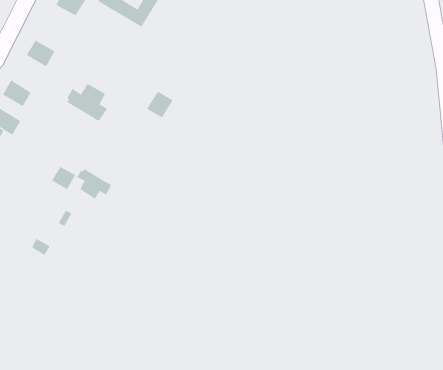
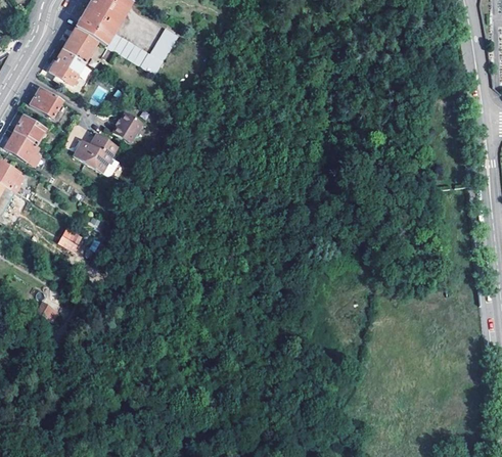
building: none -> [50,50,85,85]
building: none -> [14,116,47,145]
building: [146,91,174,118] -> [113,113,143,143]
building: [76,168,111,199] -> none

